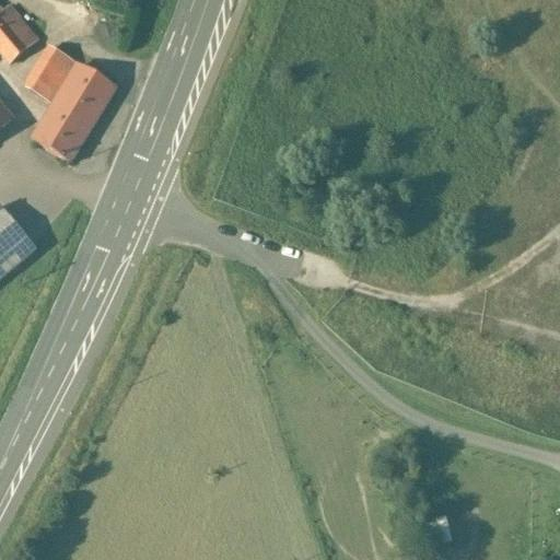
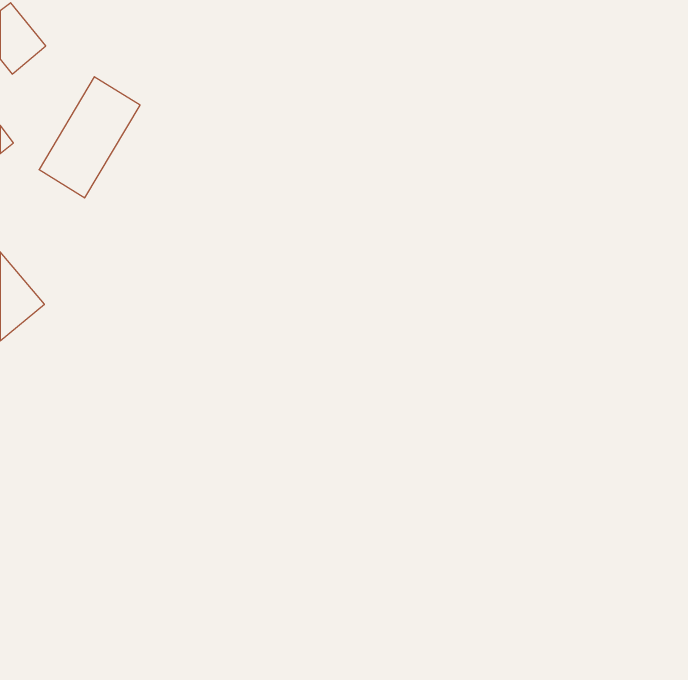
building: [24,44,74,101] -> none

